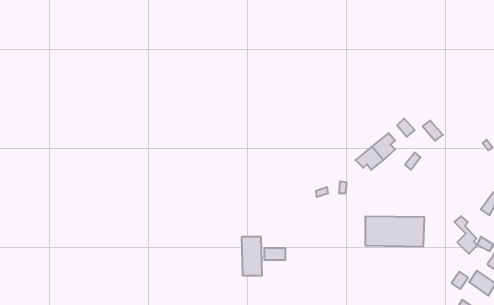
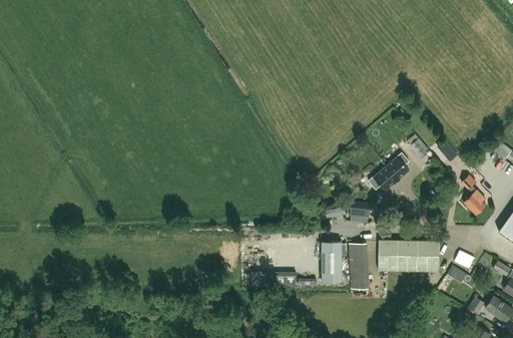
building: [454,216,478,254] -> [461,176,485,215]
building: none -> [349,243,368,289]
building: [242,237,262,276] -> [321,242,342,282]

